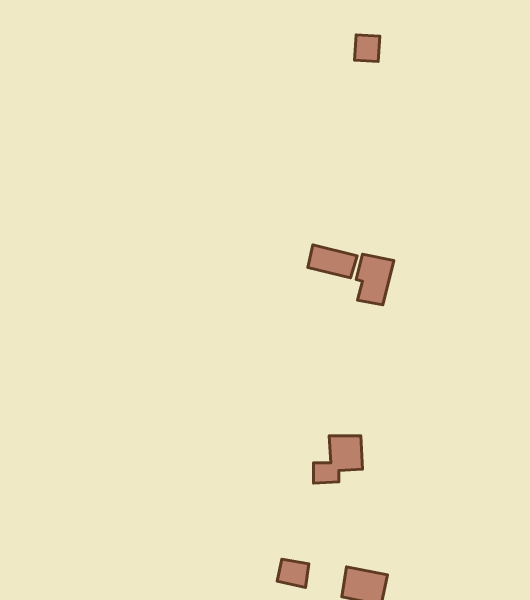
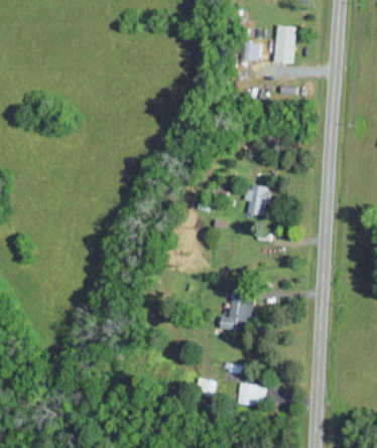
building: none -> [275,26,295,63]
building: [308,245,357,278] -> none

